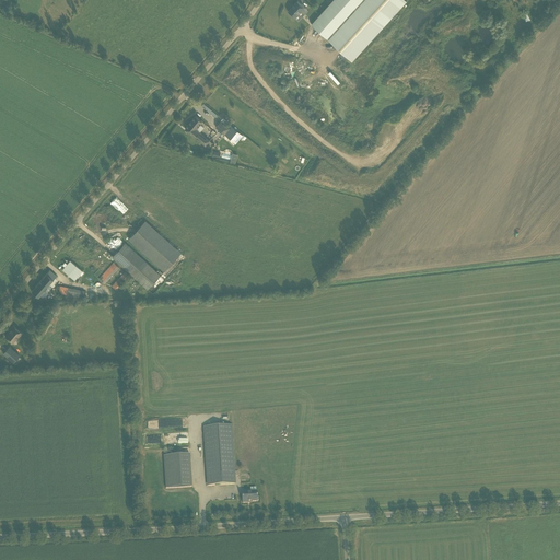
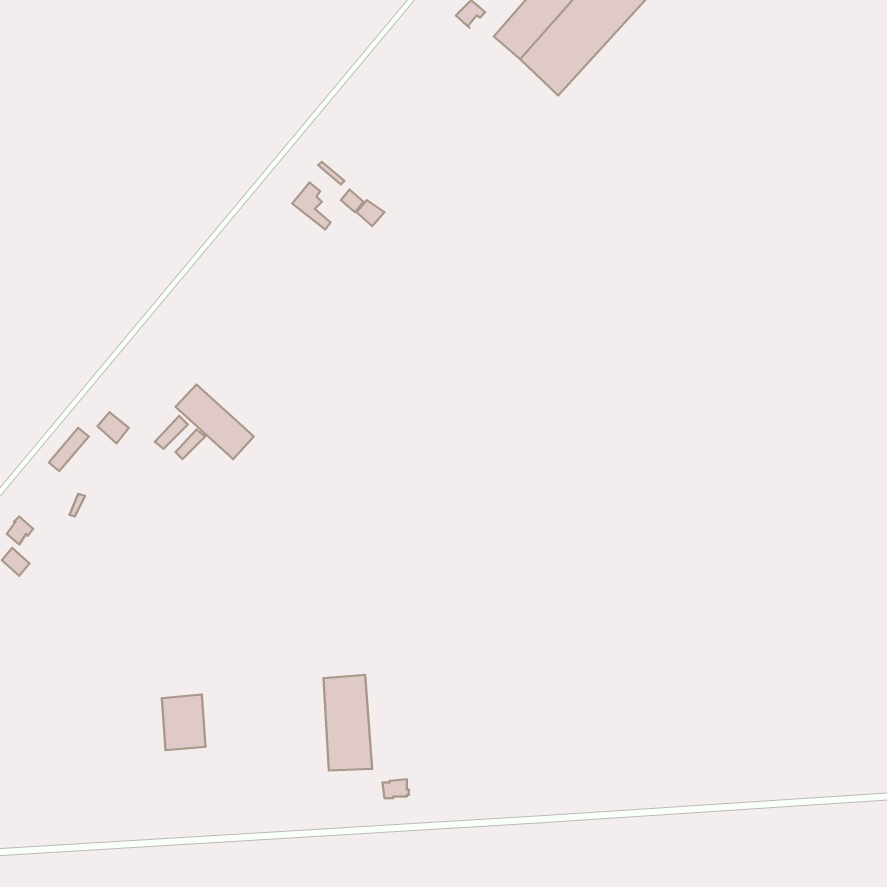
building: [135,219,179,270] -> none
building: [163,453,190,488] -> [162,695,205,750]

